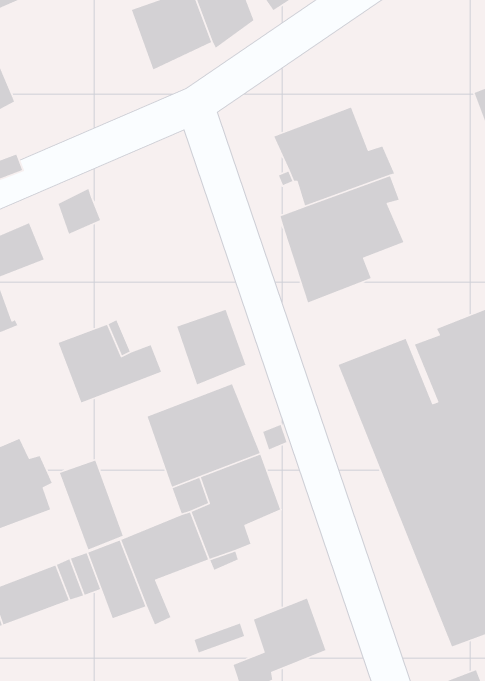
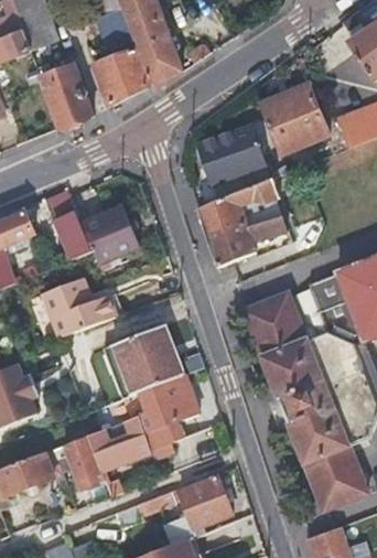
building: none -> [41,63,94,128]
building: none -> [259,83,327,153]
building: none -> [51,210,89,261]
building: [176,309,246,386] -> [85,210,134,264]
building: [59,460,124,550] -> none

